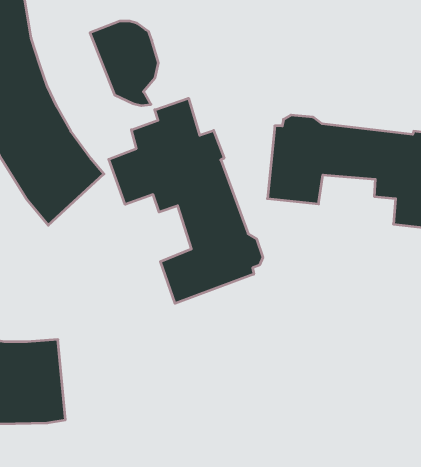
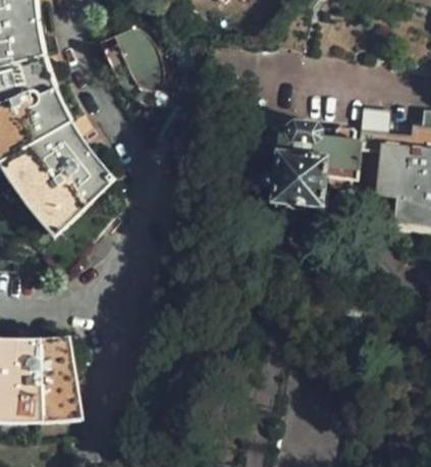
building: [109,98,263,303] -> none

